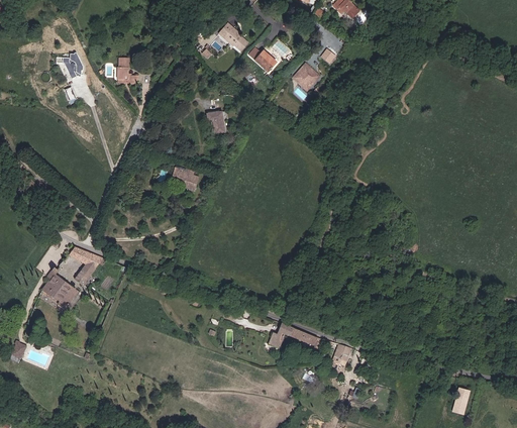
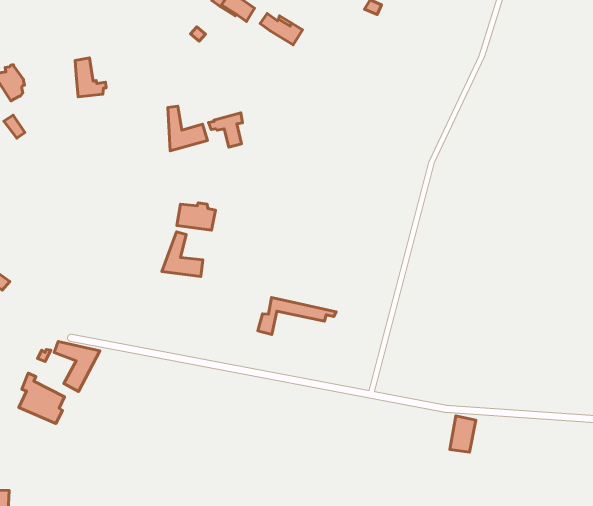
building: [291,63,319,91] -> none
building: none -> [168,106,207,151]
building: none -> [162,232,203,277]
building: [269,322,324,347] -> [258,297,336,334]

